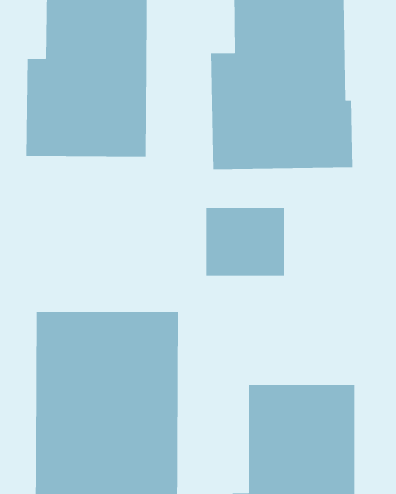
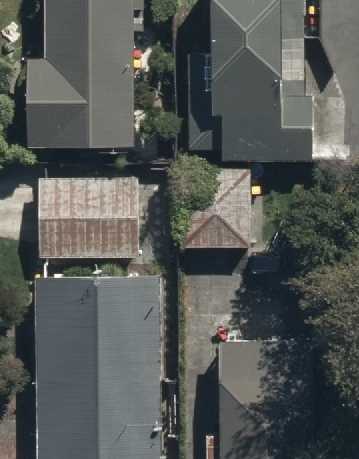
building: none -> [38,178,141,259]

